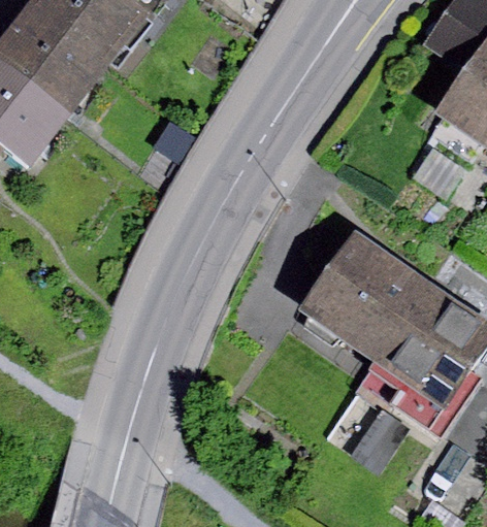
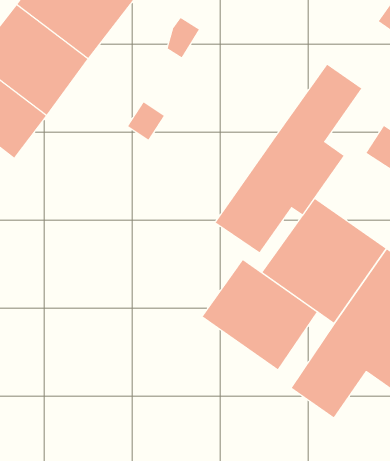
building: none -> [215,64,362,253]
building: none -> [202,259,318,370]

